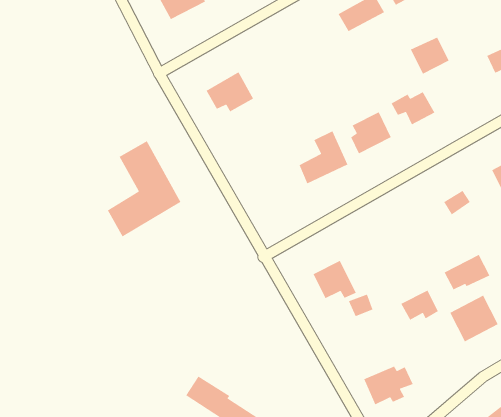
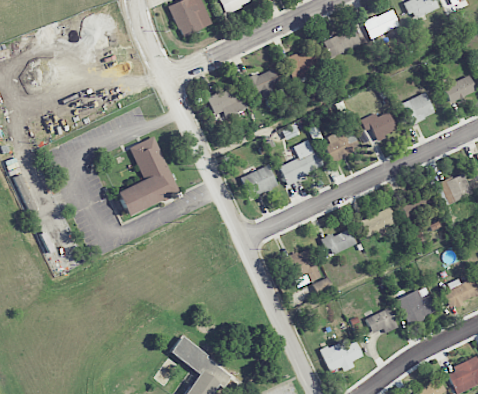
building: none -> [287,53,316,80]
building: [410,37,450,75] -> [402,93,435,124]
building: none -> [245,69,279,99]
building: none -> [241,165,278,199]
building: none -> [323,229,356,255]
building: [444,254,490,290] -> [360,207,399,236]
building: [400,289,439,321] -> [366,308,398,333]

